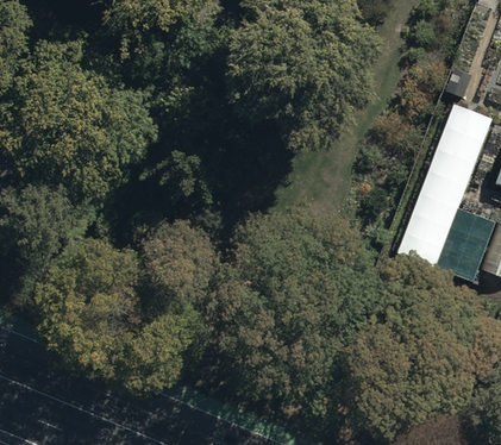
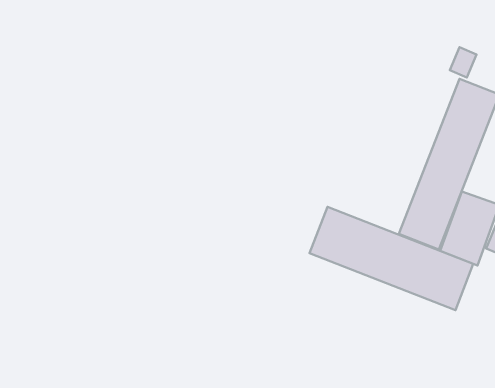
building: none -> [310,207,473,310]

